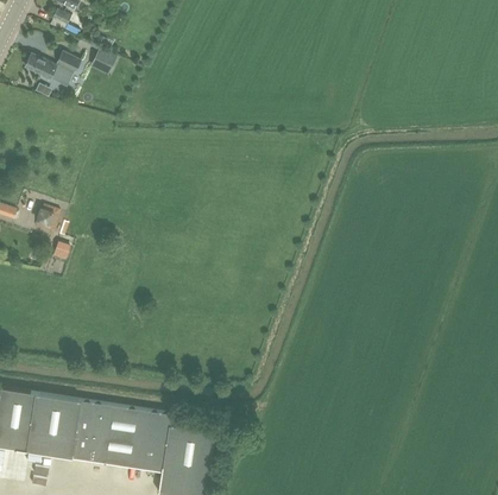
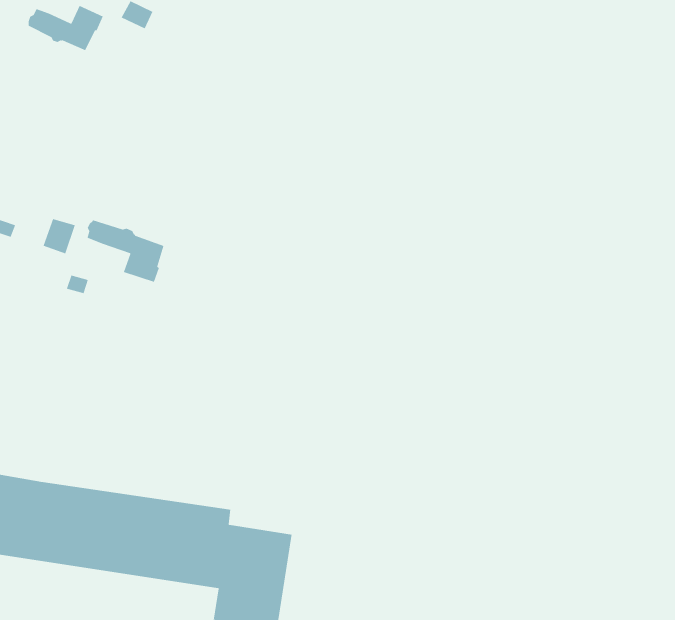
building: none -> [87,220,165,283]

